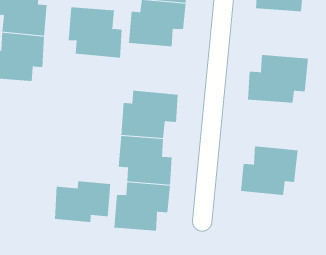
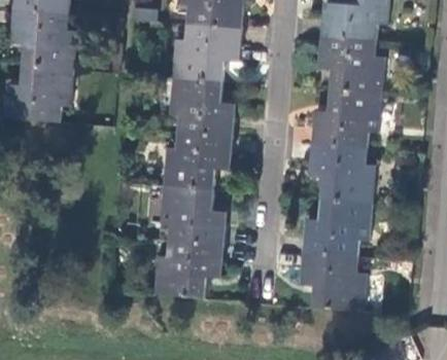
building: [68,7,123,58] -> [168,74,233,135]
building: none -> [318,33,385,92]
building: none -> [309,141,376,201]
building: [55,181,111,223] -> none
building: none -> [301,249,367,309]

